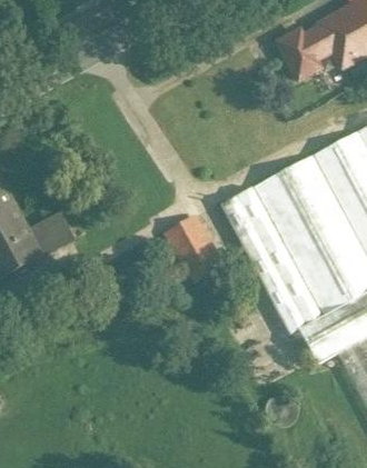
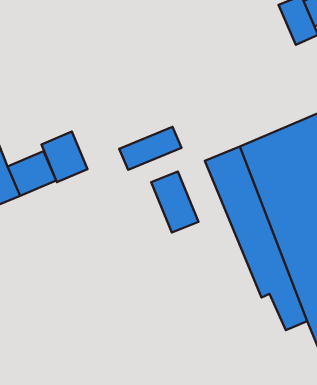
building: none -> [119,127,182,170]
building: none -> [41,132,87,182]

